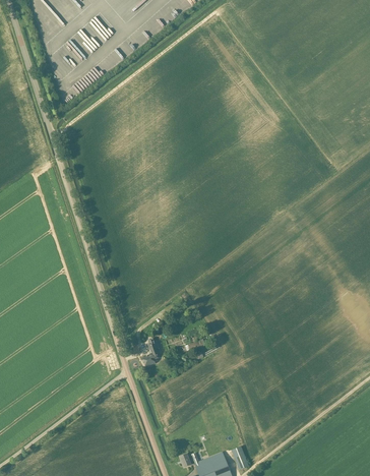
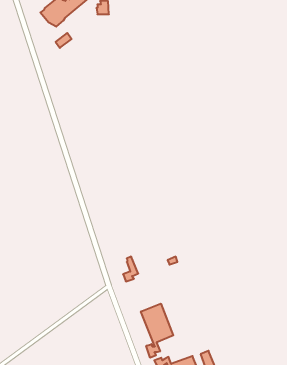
building: none -> [141,304,173,358]

